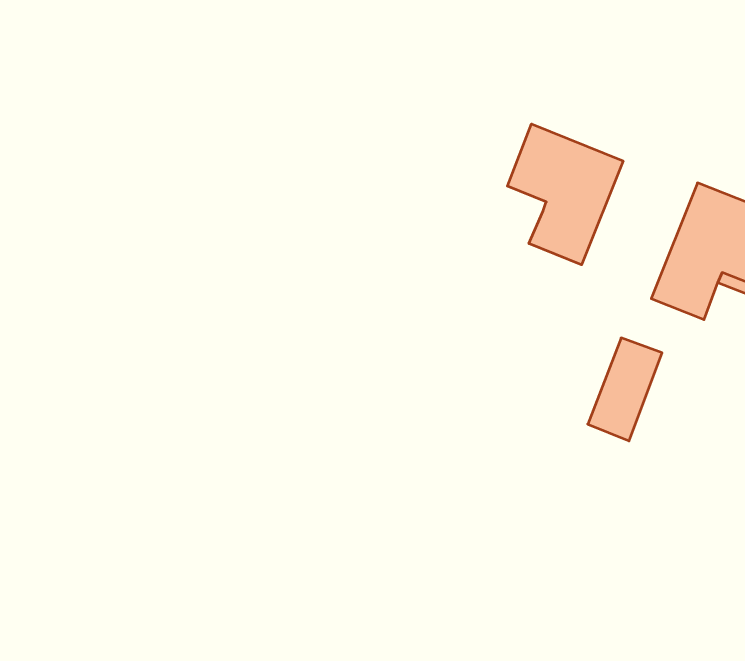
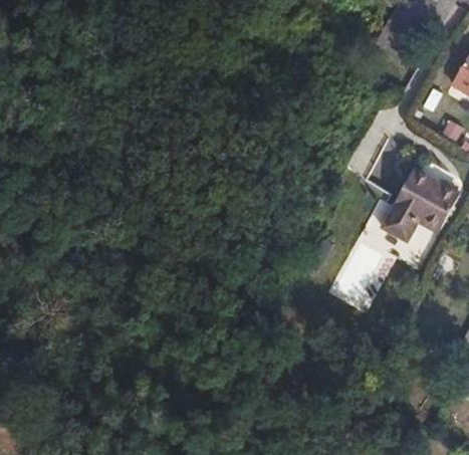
building: [507,124,623,265] -> none

